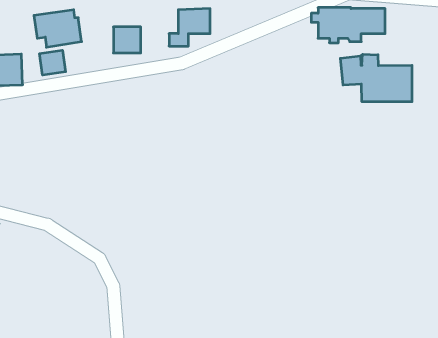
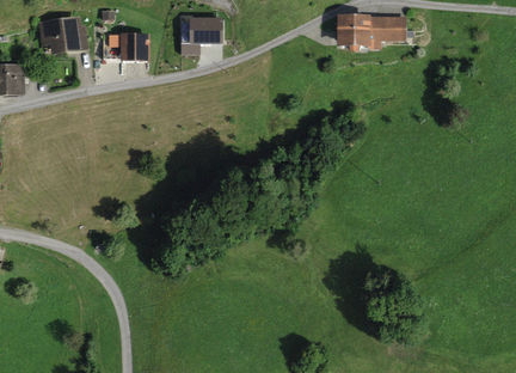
building: [40,50,66,75] -> none
building: [340,54,412,102] -> none

